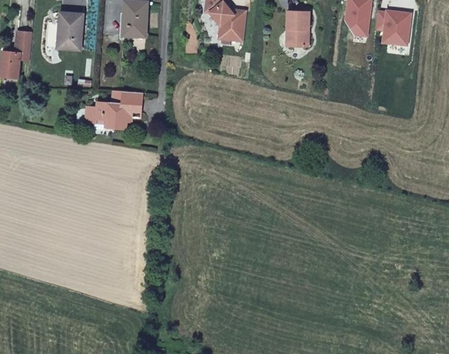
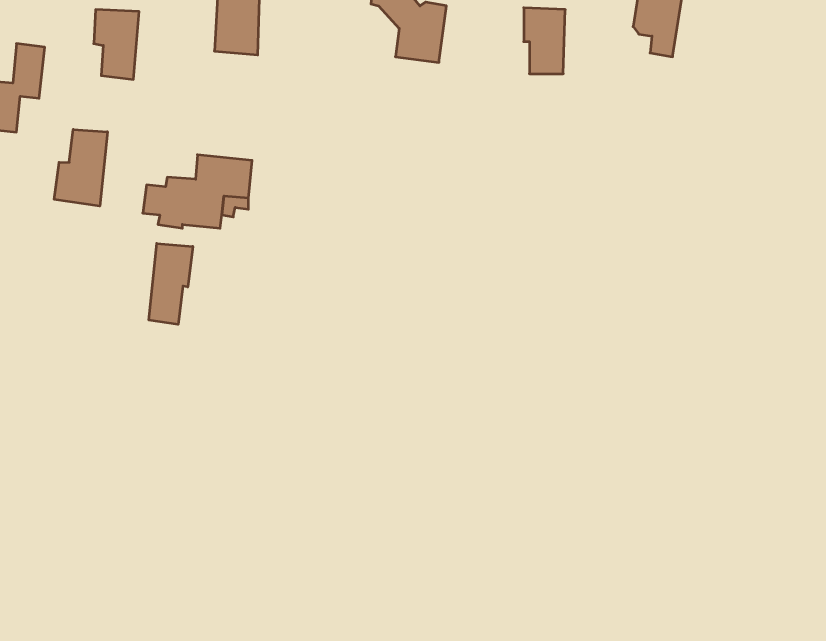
building: [374,12,410,47] -> none
building: none -> [54,129,107,206]
building: none -> [149,243,193,324]

